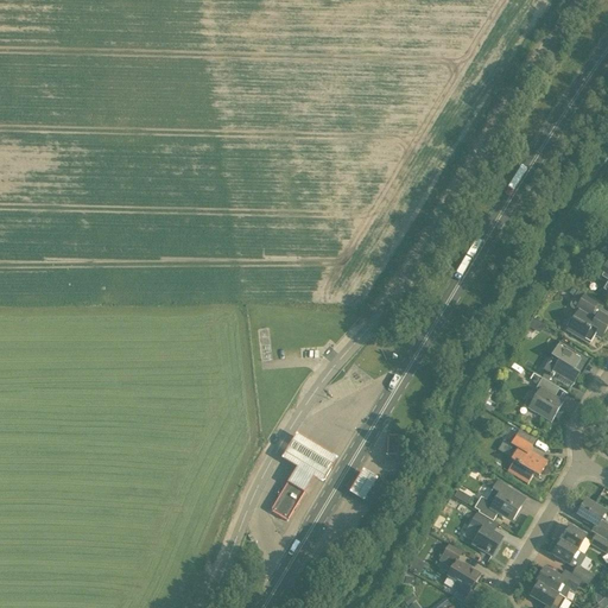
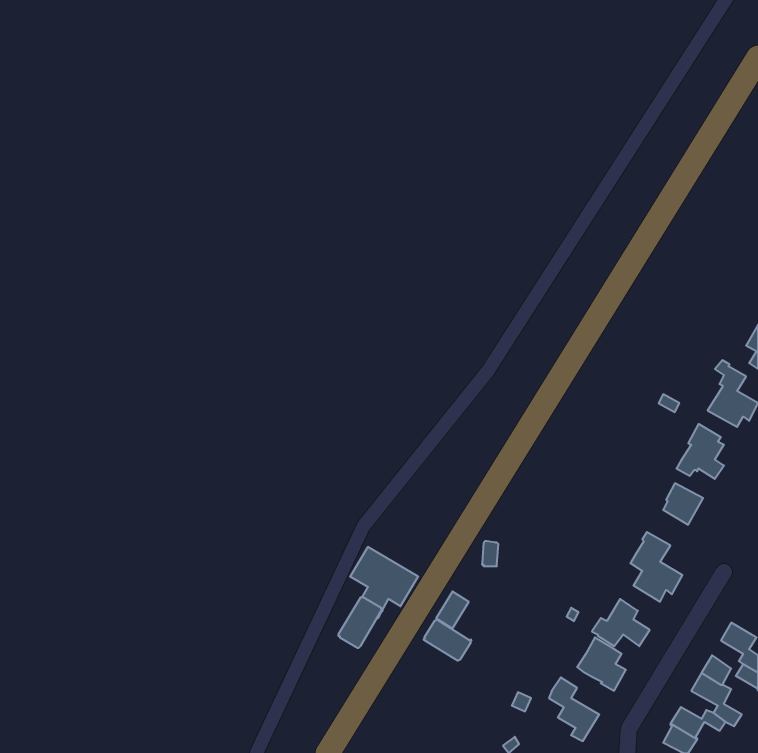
building: none -> [424,620,471,661]

